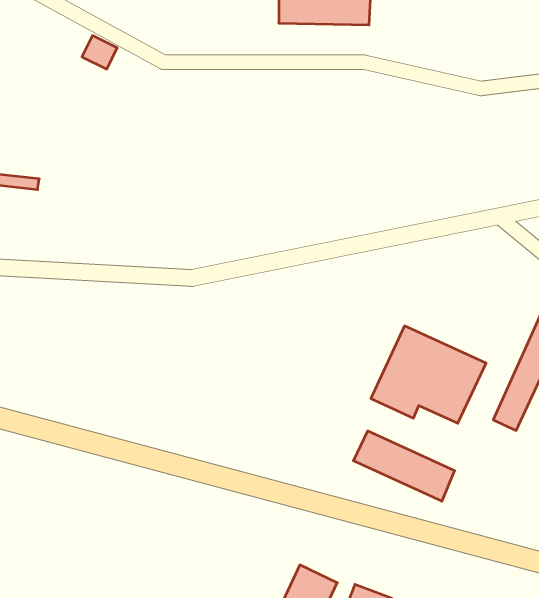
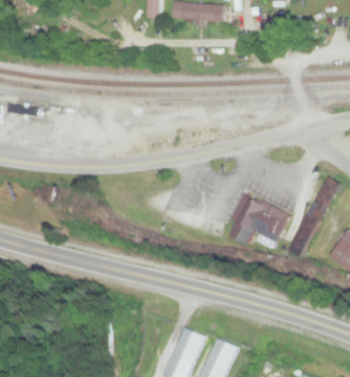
building: [353,431,455,501] -> none

